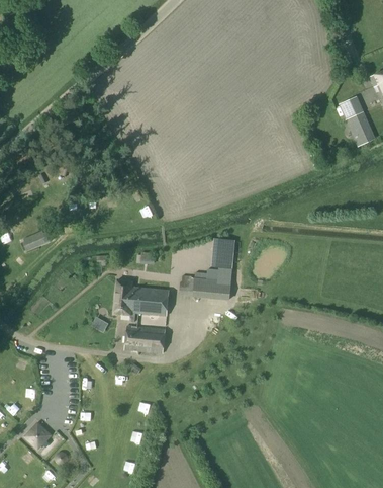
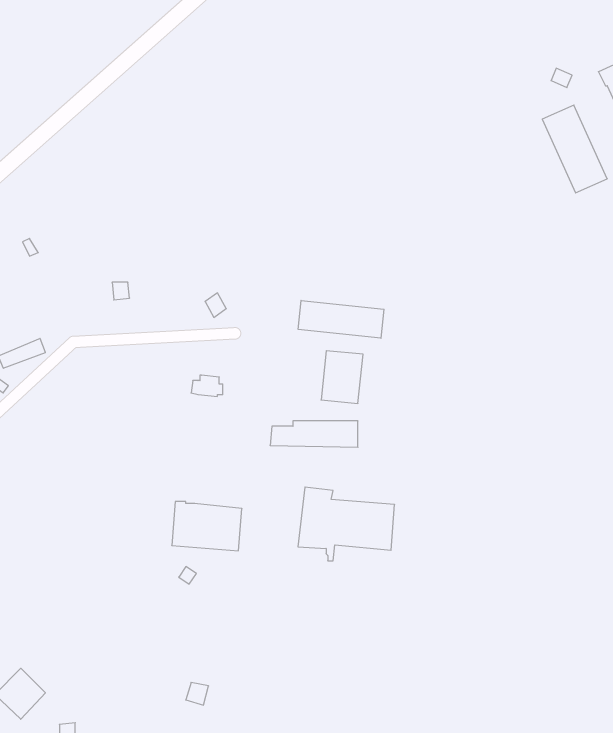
building: none -> [298,300,384,338]
building: [113,279,169,322] -> [298,487,395,561]

